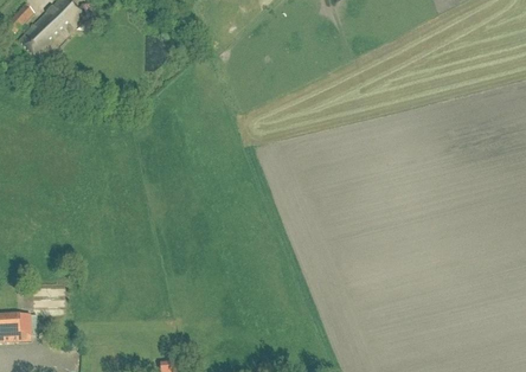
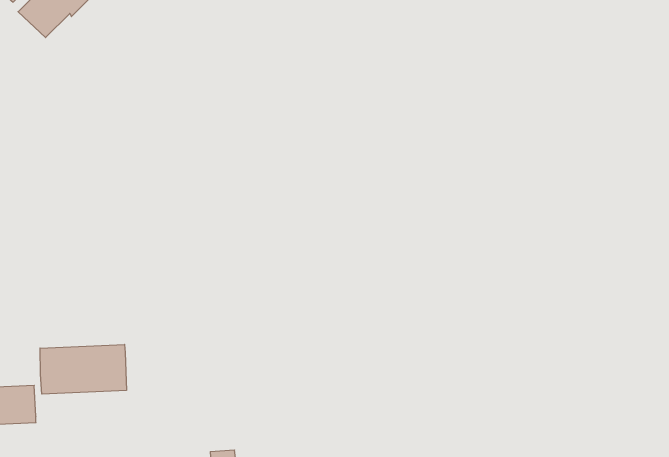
building: none -> [40,344,126,394]

